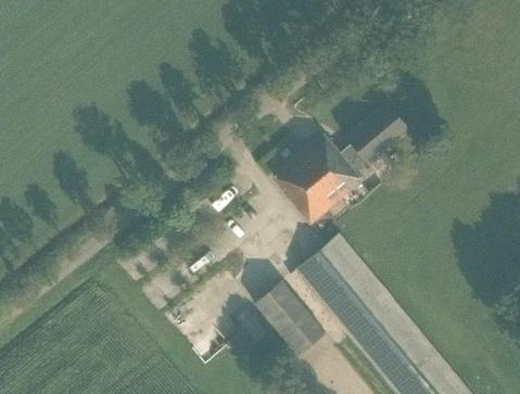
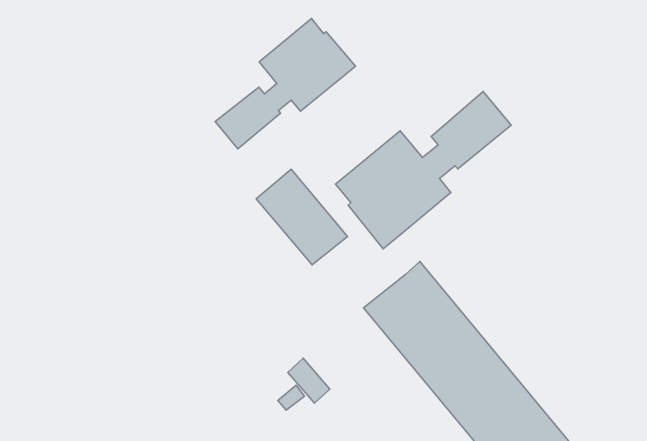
building: none -> [215,19,355,149]
building: [255,281,326,355] -> [256,169,347,265]

